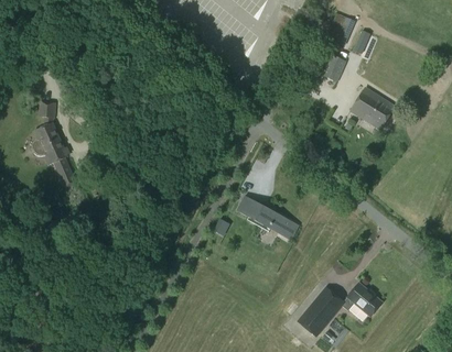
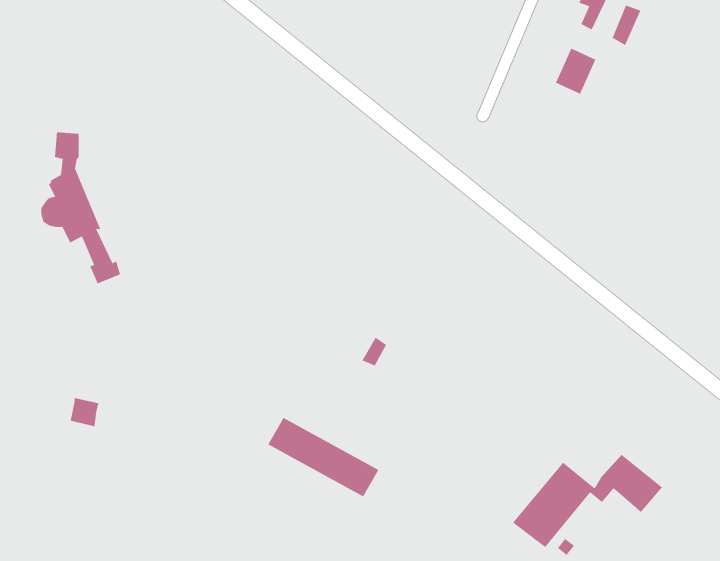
building: [351,87,395,129] -> none
building: [236,195,299,240] -> [268,417,379,497]

